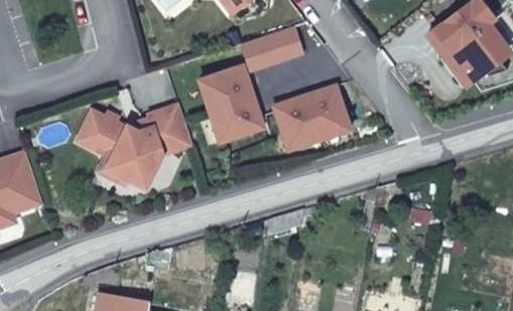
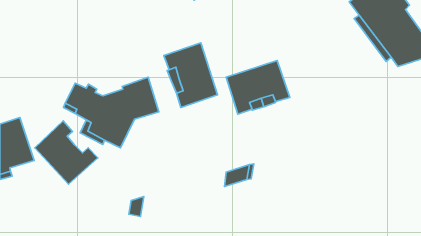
building: [240,26,302,69] -> none
building: none -> [35,121,98,184]

